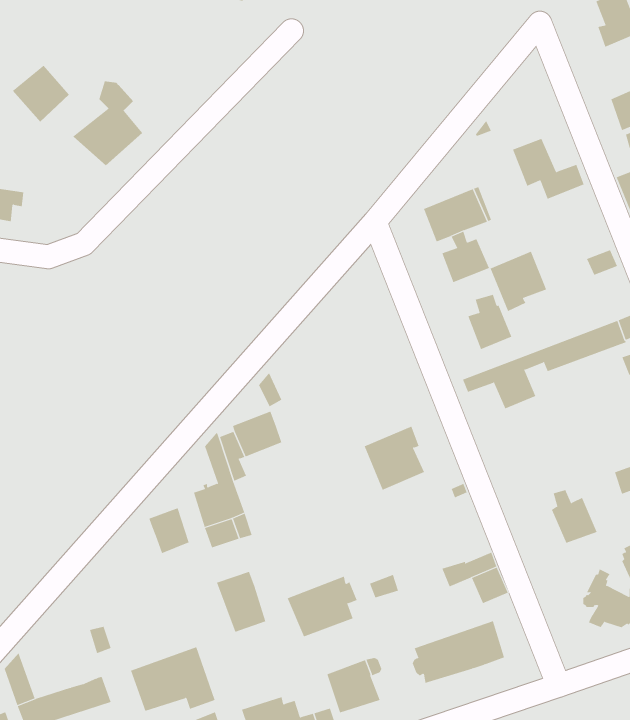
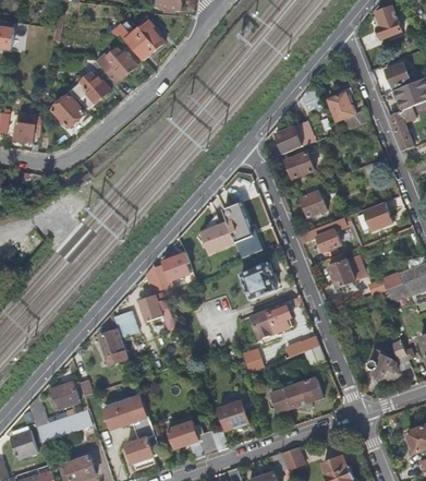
building: none -> [113,16,165,60]
building: none -> [96,48,137,84]
building: [12,65,70,122] -> [51,94,85,128]
building: [490,251,547,312] -> none
building: none -> [200,200,258,253]
building: [551,490,597,543] -> [328,255,355,287]
building: [216,571,266,633] -> [98,328,127,364]
building: [287,576,357,637] -> [249,302,291,338]
building: none -> [50,382,78,409]

